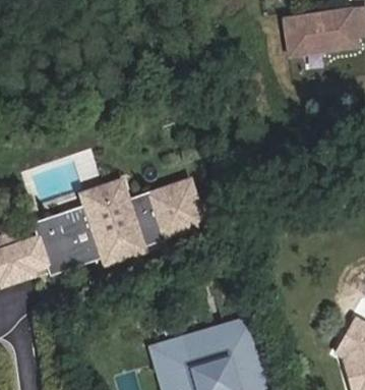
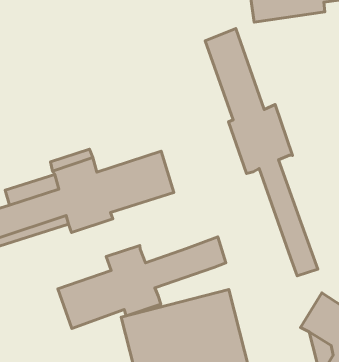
building: none -> [205,28,318,276]
building: none -> [58,237,226,328]

